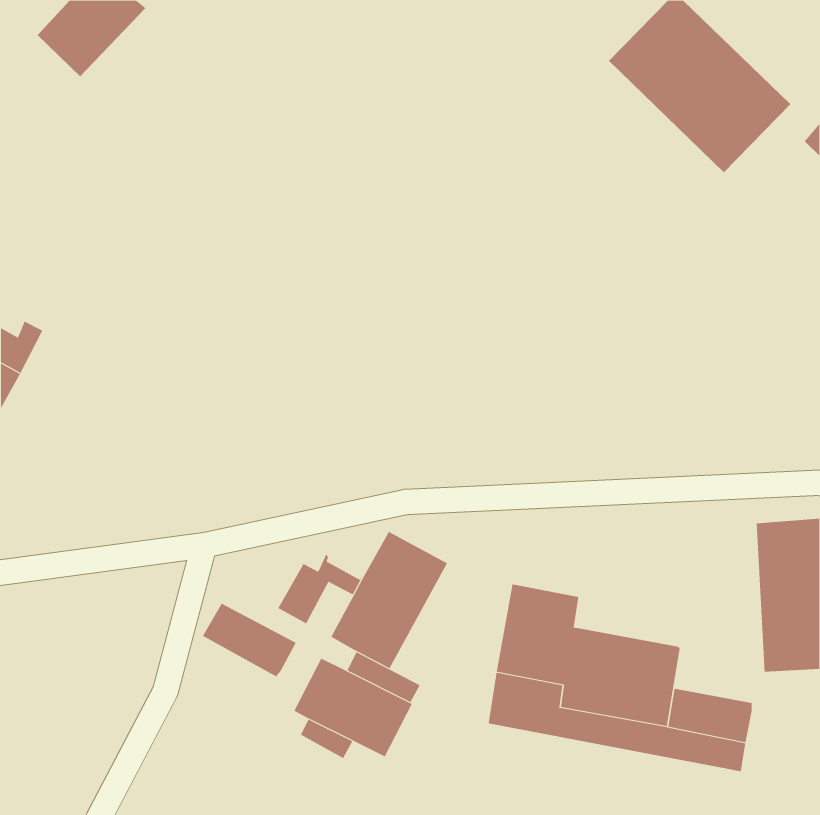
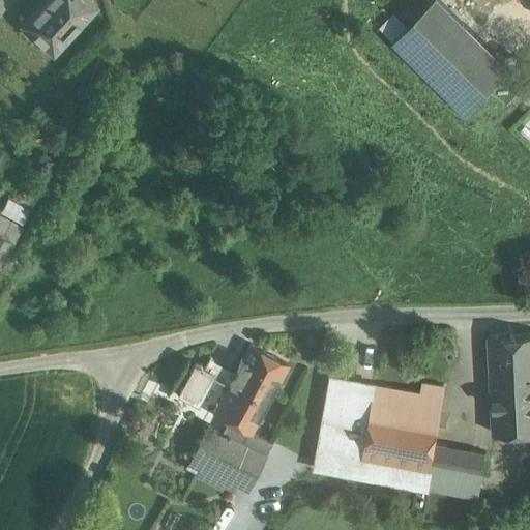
building: none -> [371,386,443,420]
building: [202,603,297,677] -> none

